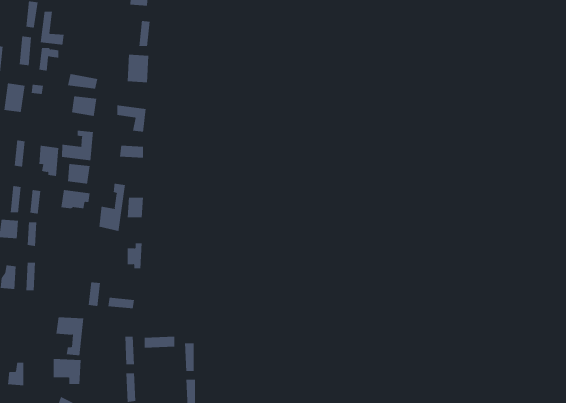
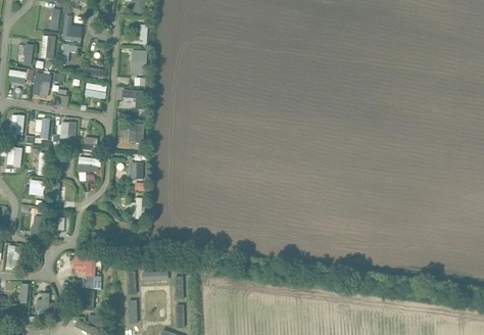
building: [61,130,94,161] -> none
building: [99,183,125,232] -> none

